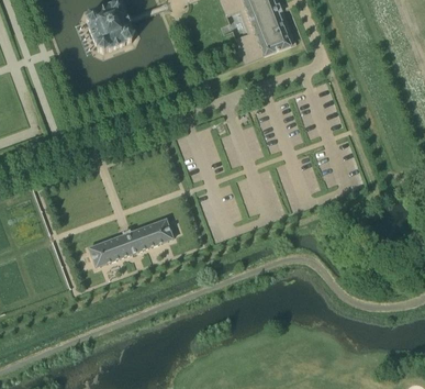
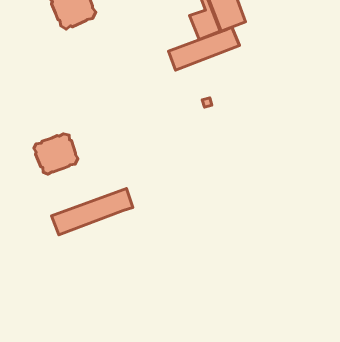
building: none -> [168,27,240,70]
building: none -> [34,134,78,174]

